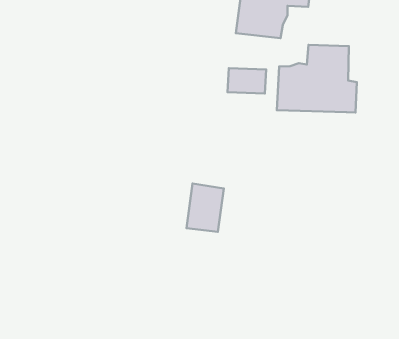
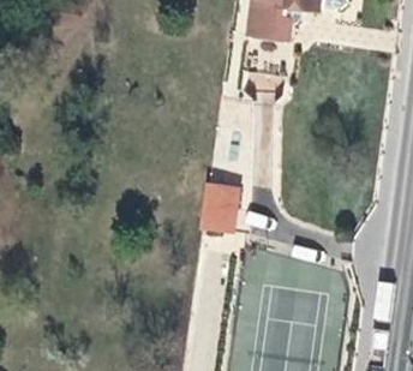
building: [277,45,357,113] -> none

